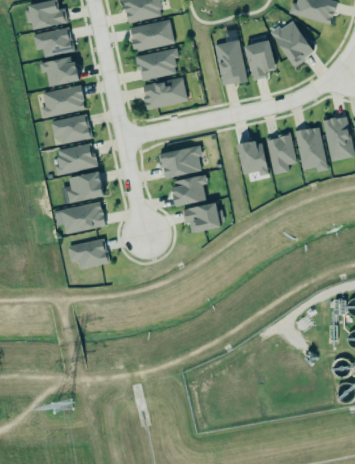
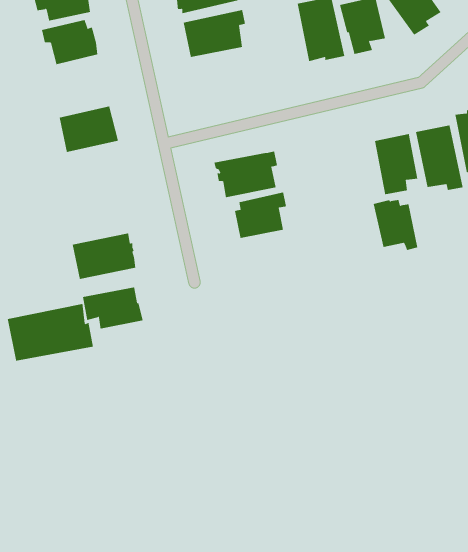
building: [142,77,188,110] -> none
building: [40,84,85,117] -> none
building: [236,140,267,175] -> [373,199,418,251]
building: [54,142,97,175] -> none
building: [63,172,104,204] -> none
building: [181,201,223,232] -> none
building: none -> [7,303,94,362]

